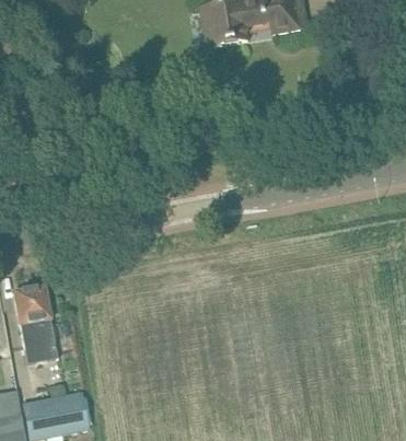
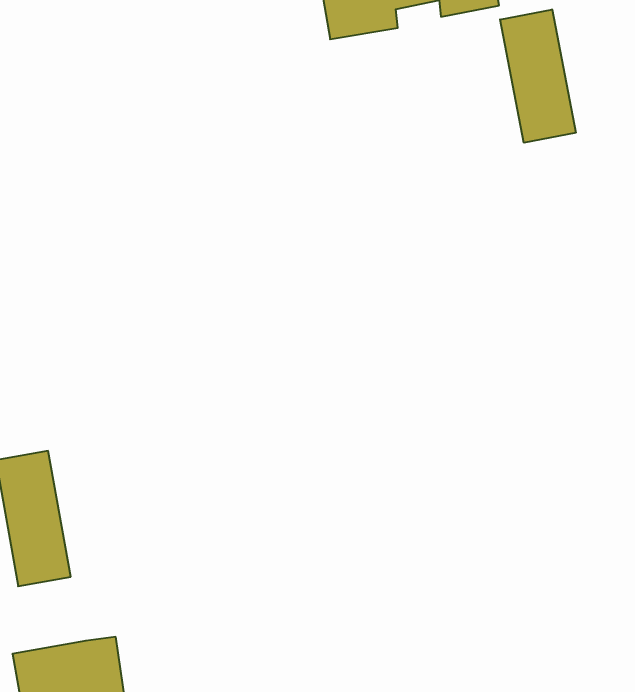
building: none -> [500,9,576,143]

